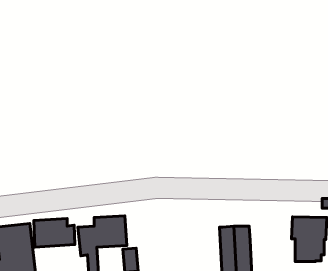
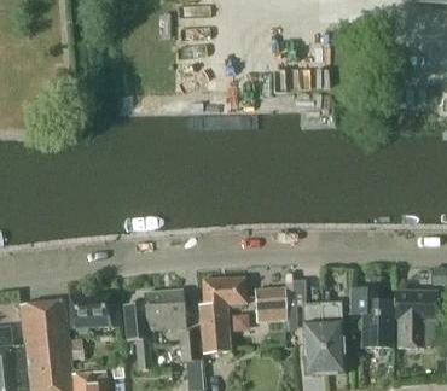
building: none -> [198,278,246,354]
building: none -> [350,288,395,348]
building: none -> [255,290,288,317]

